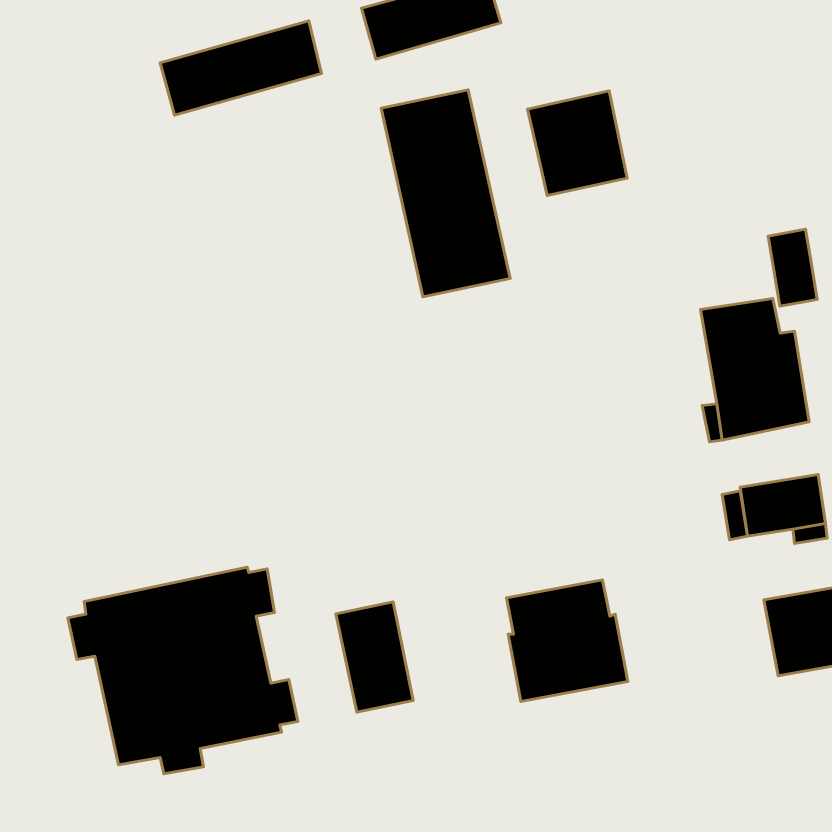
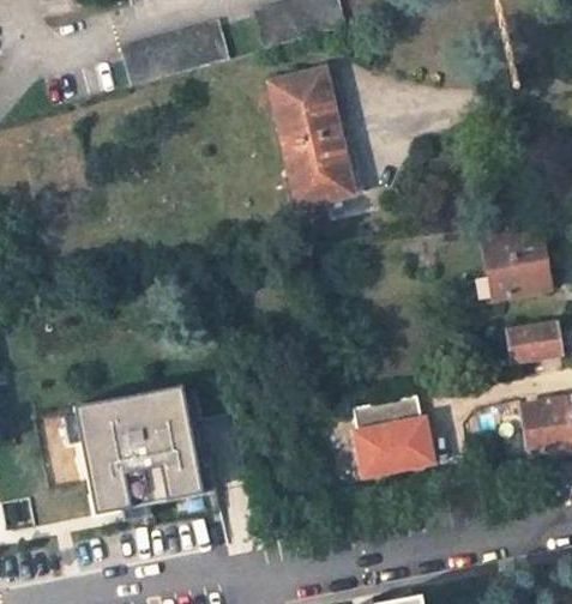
building: [527,91,627,196] -> none
building: [768,229,817,306] -> none
building: [336,602,413,712] -> none

